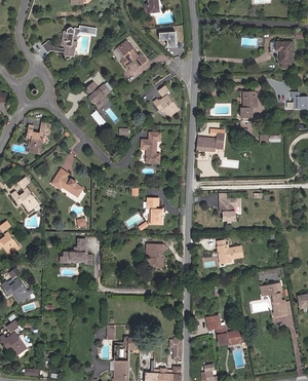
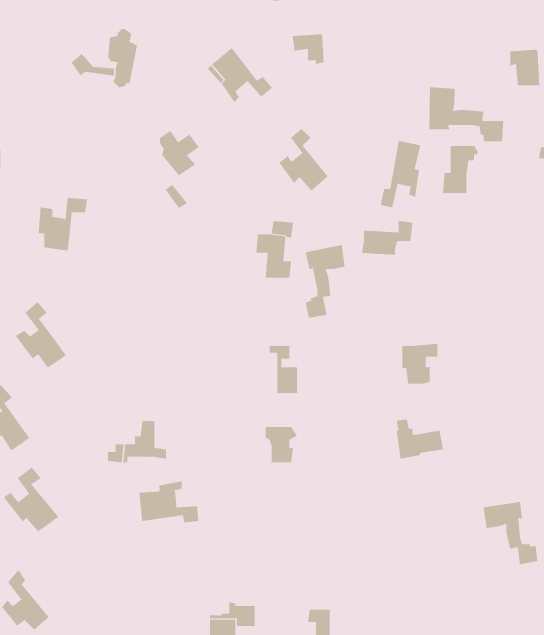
building: none -> [429,86,504,142]
building: none -> [380,140,421,208]
building: none -> [305,244,345,319]
building: [50,166,83,195] -> none
building: none -> [139,480,199,523]
building: [206,312,240,342] -> none

